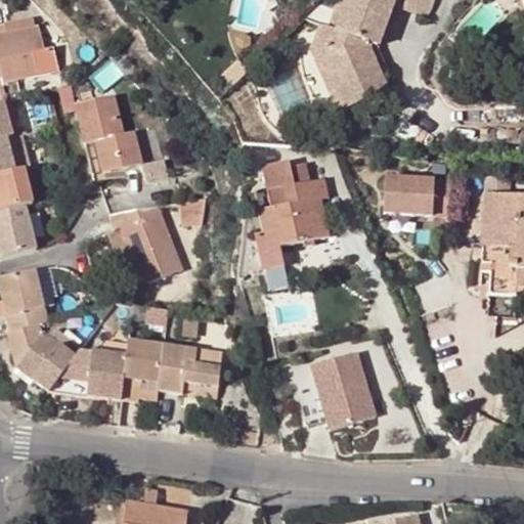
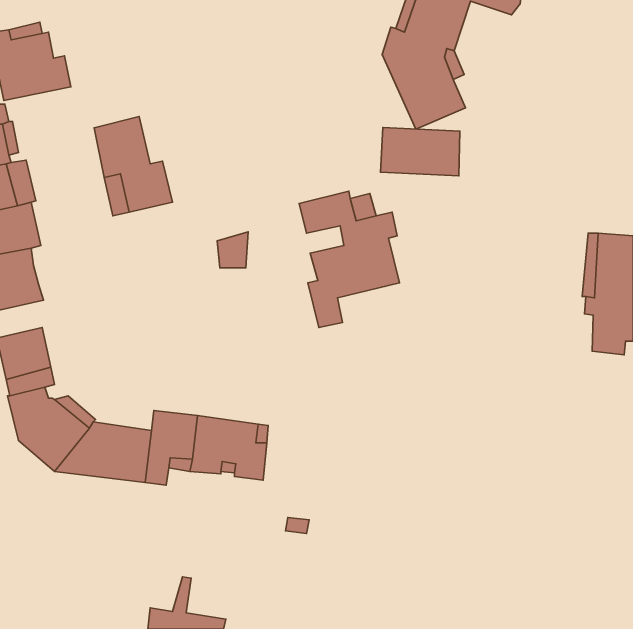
building: [383,176,448,216] -> [380,127,460,176]
building: [111,202,182,287] -> none
building: [300,350,376,428] -> none

